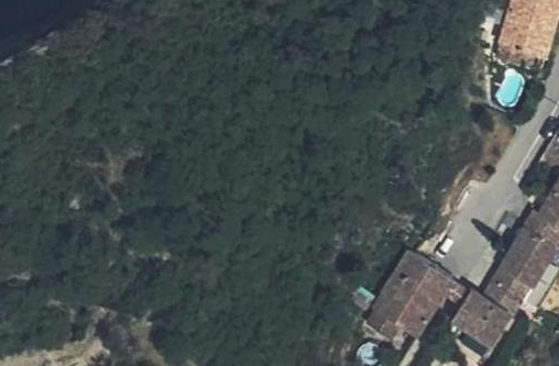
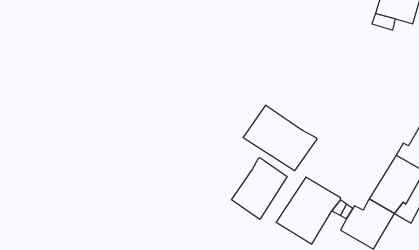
building: none -> [243,105,317,171]
building: none -> [232,158,287,219]

